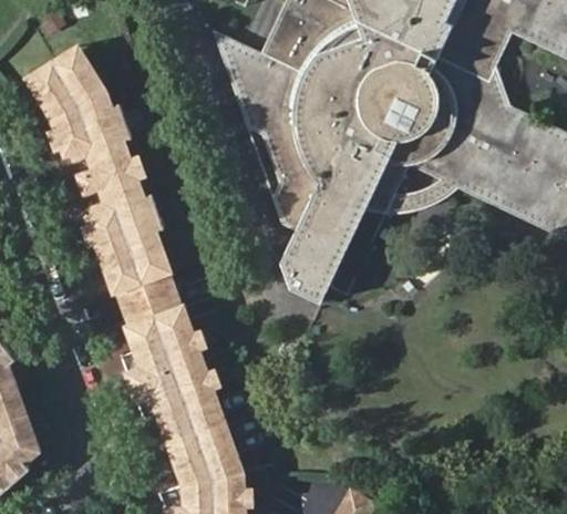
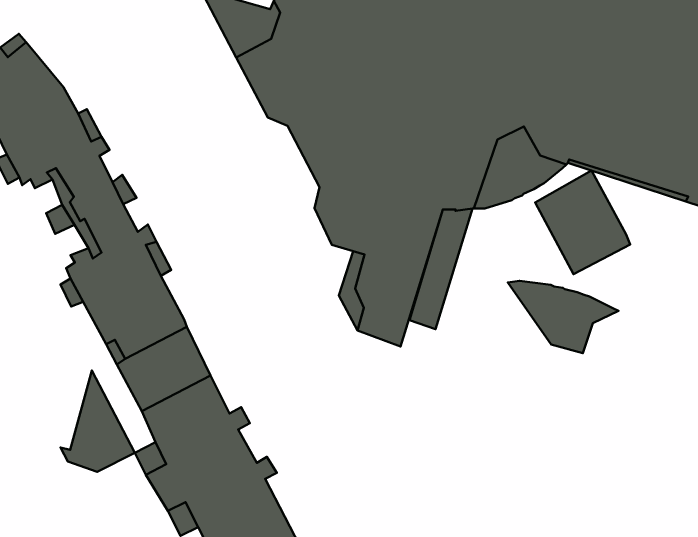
building: none -> [535,171,630,274]
building: none -> [508,281,618,353]
building: none -> [60,371,135,472]

